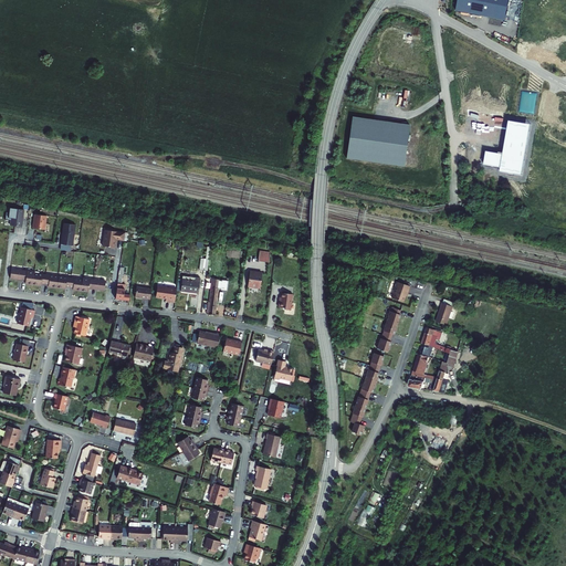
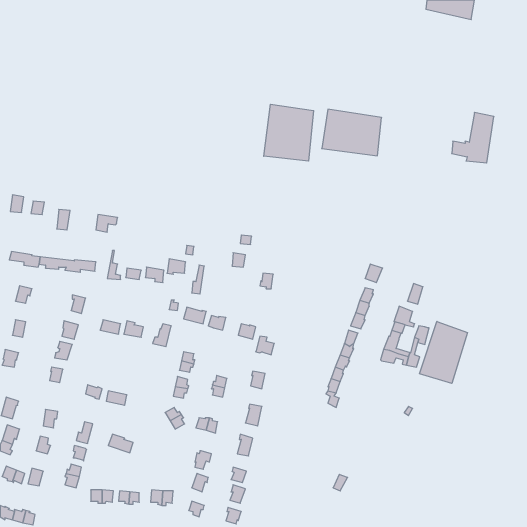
building: none -> [264,104,314,161]
building: none -> [419,321,468,383]

